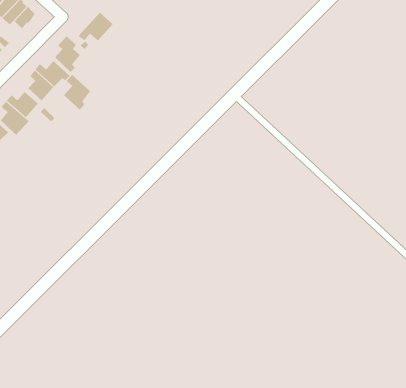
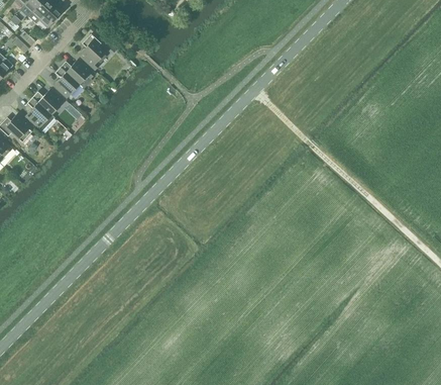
building: [78,12,114,41] -> none
building: [63,74,91,110] -> none

